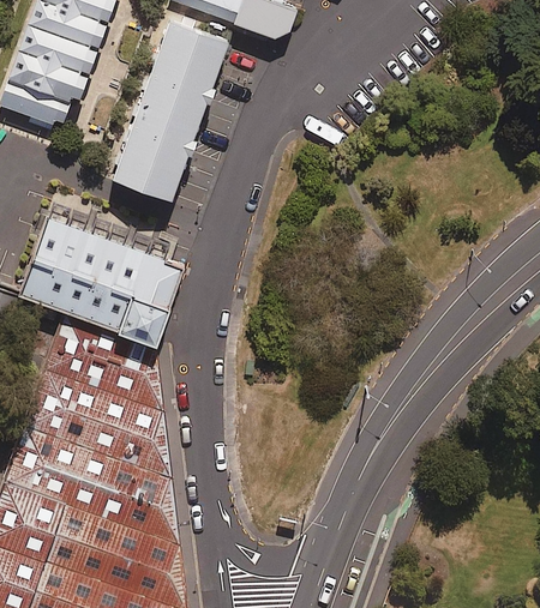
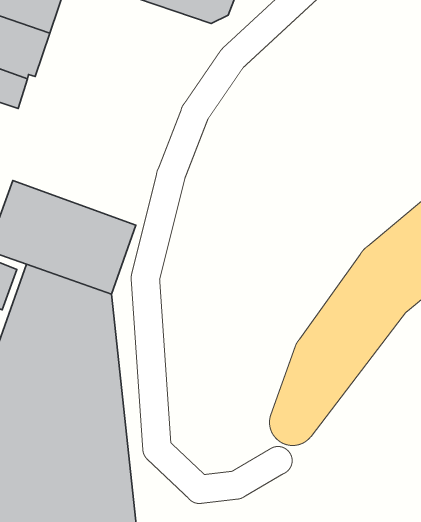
building: [112,18,229,199] -> none

